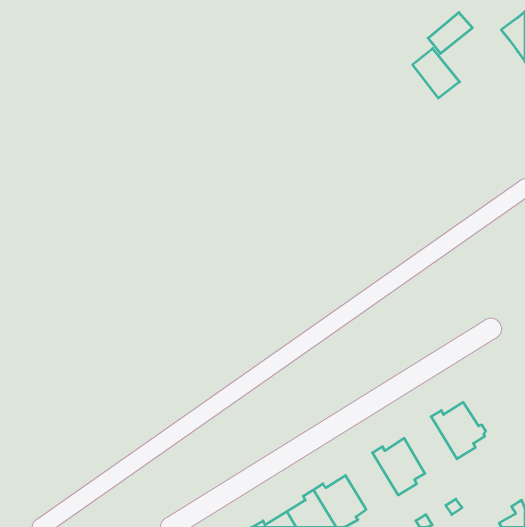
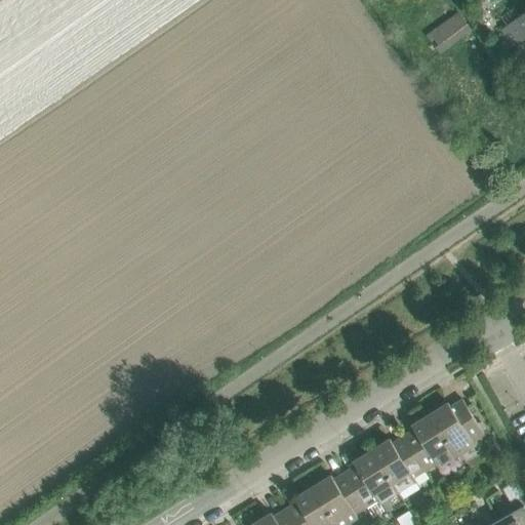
building: [413,48,460,98] -> none
building: none -> [402,414,454,471]
building: none -> [344,450,396,518]

